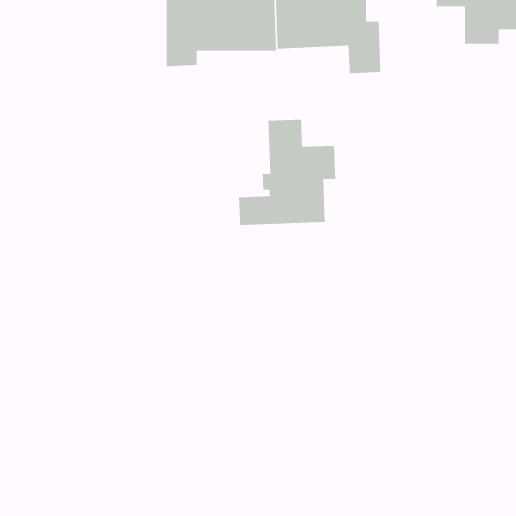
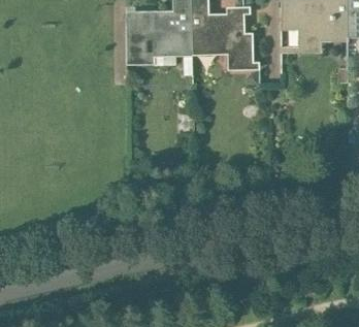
building: [239,119,336,226] -> none

